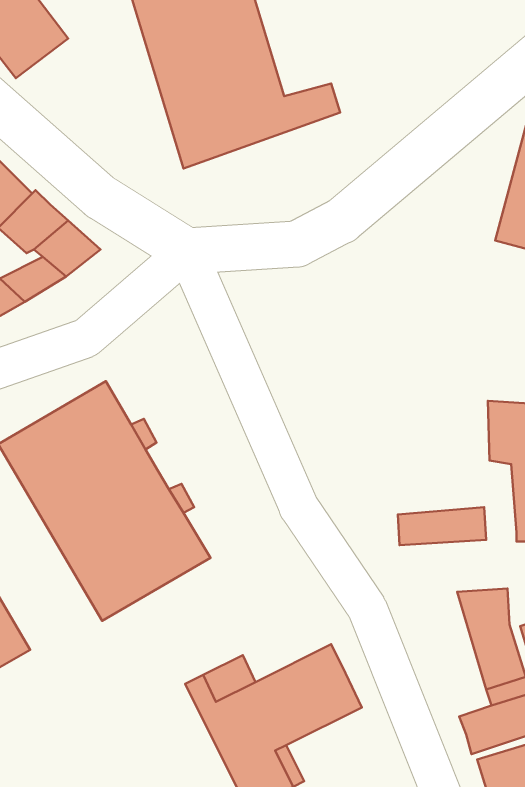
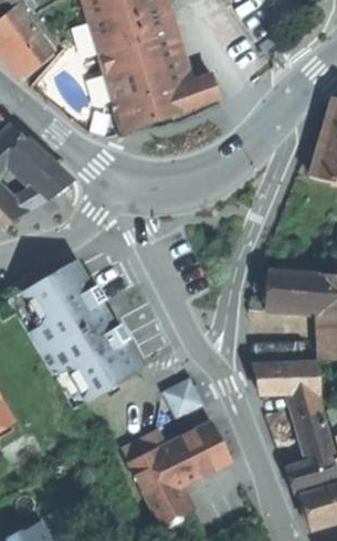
building: none -> [266,270,309,309]
building: none -> [254,361,320,391]
building: none -> [162,376,203,417]

